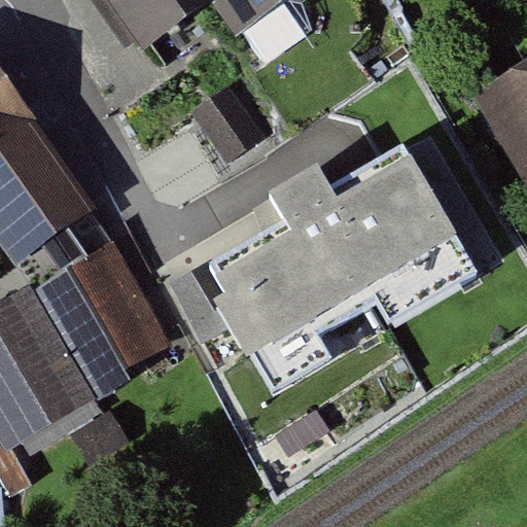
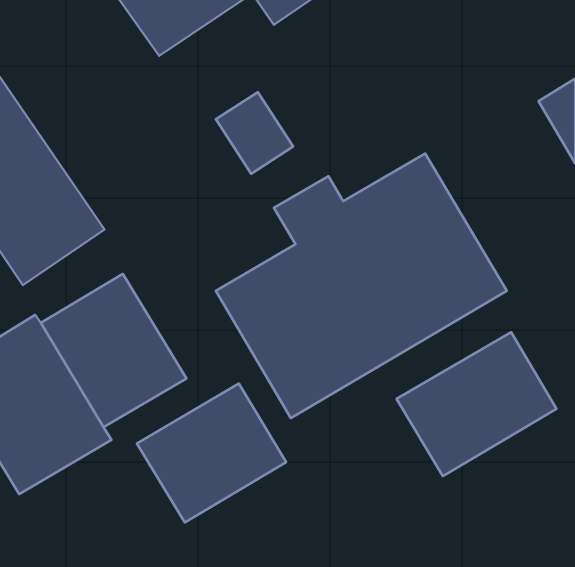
building: none -> [396,332,557,476]
building: none -> [137,383,286,523]

